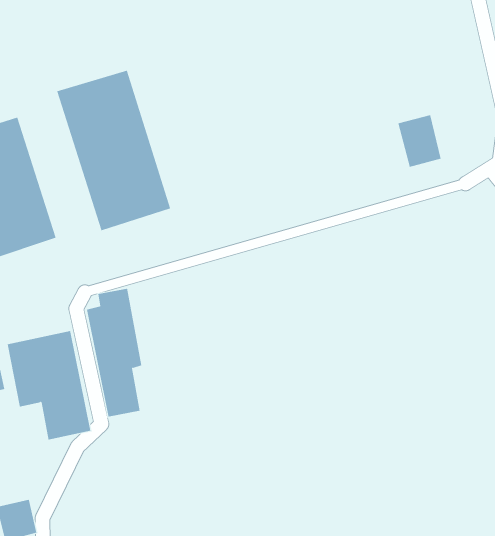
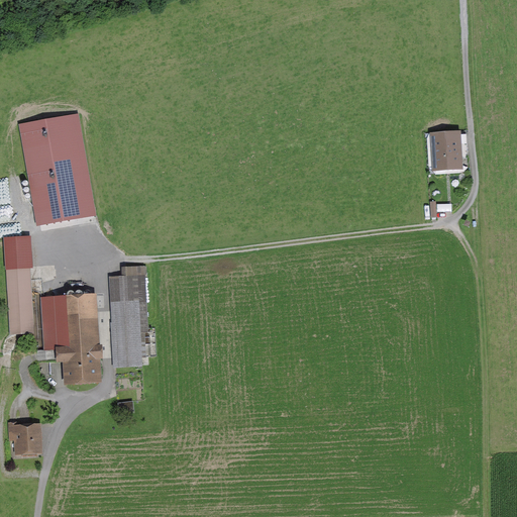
building: [57,70,171,231] -> none
building: [397,114,442,168] -> [430,132,461,173]

